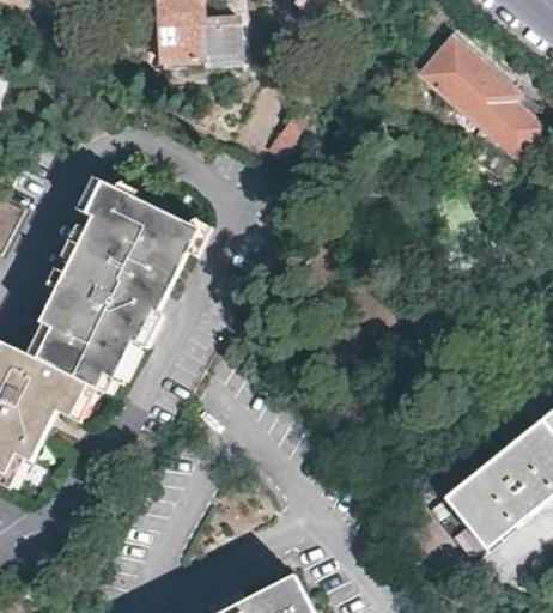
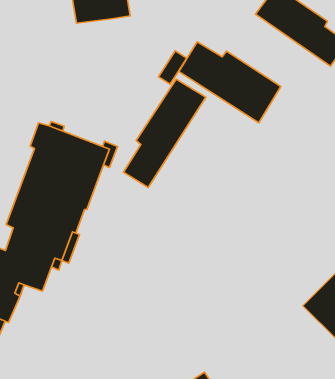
building: none -> [179,42,281,123]
building: none -> [123,79,206,187]

